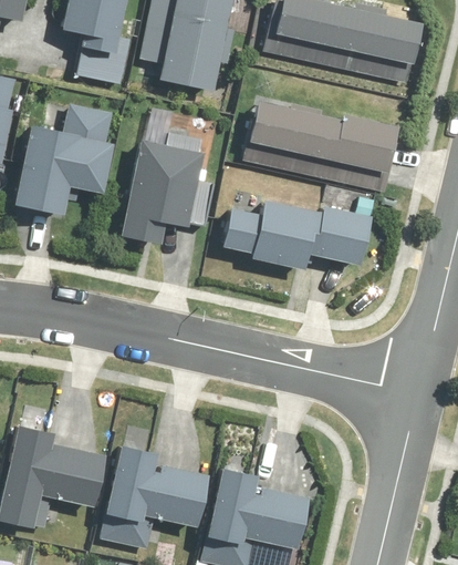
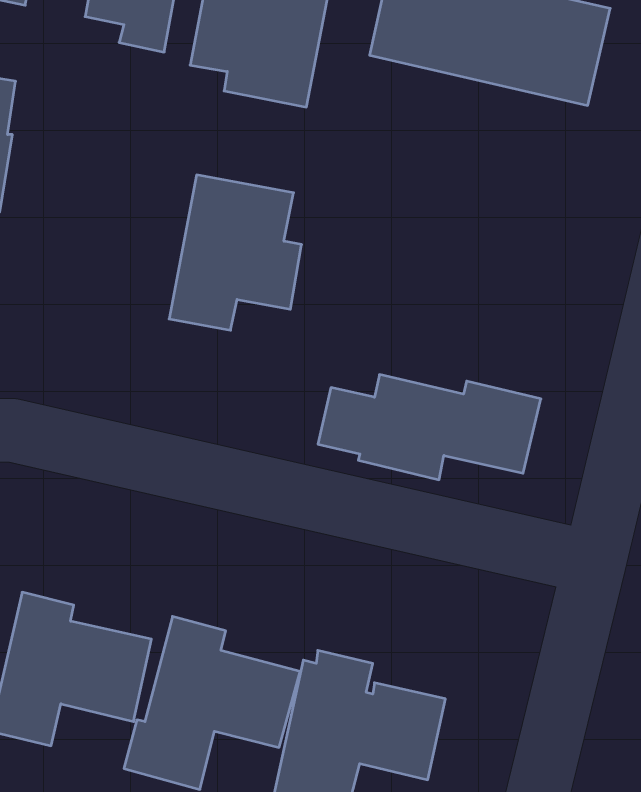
building: [239,96,400,195] -> none
building: [15,102,114,214] -> none
building: [222,198,375,270] -> [318,375,541,480]

